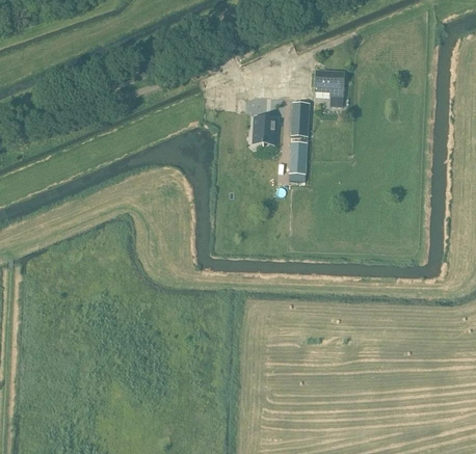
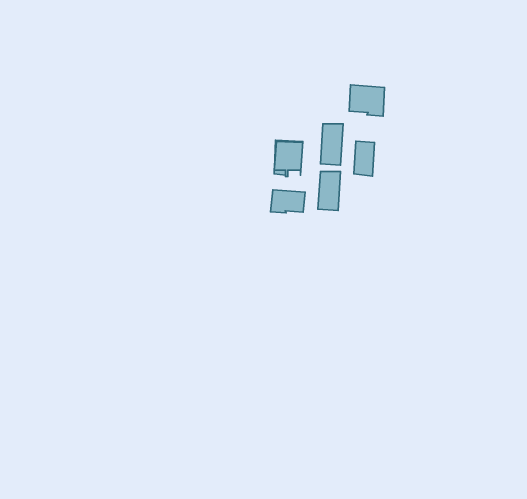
building: none -> [354,141,375,176]
building: none -> [271,190,305,213]

